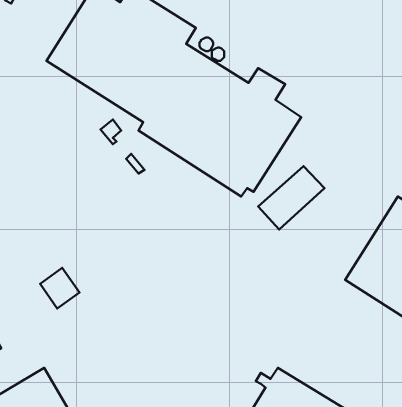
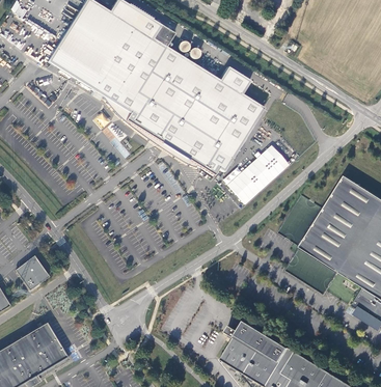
building: [40,268,79,308] -> [15,254,48,288]

